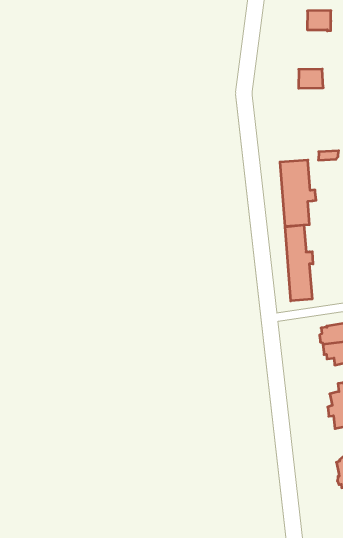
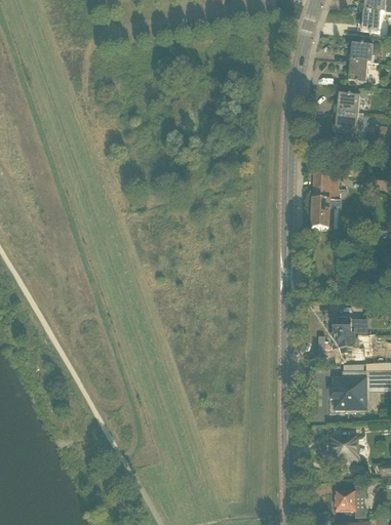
building: none -> [348,57,367,81]
building: none -> [336,108,363,131]
building: [285,225,313,301] -> none

